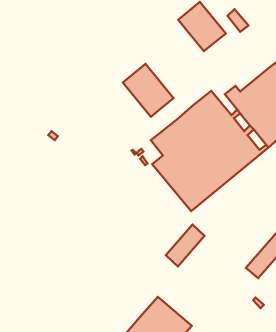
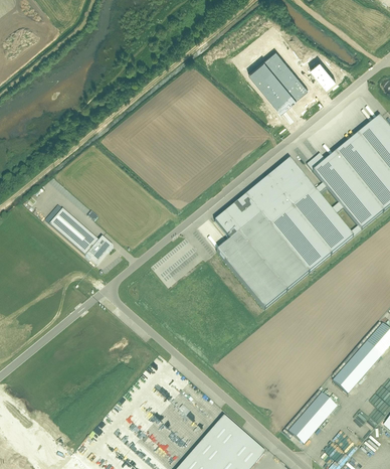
building: [123,64,174,117] -> none
building: none -> [49,207,113,262]
building: [166,224,204,266] -> [288,390,337,443]

